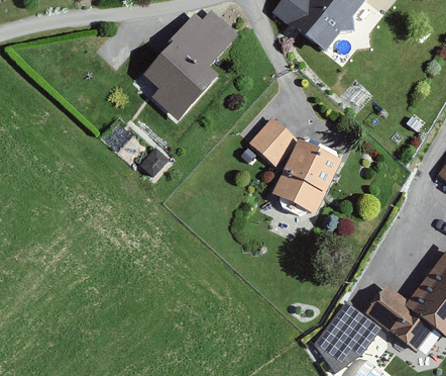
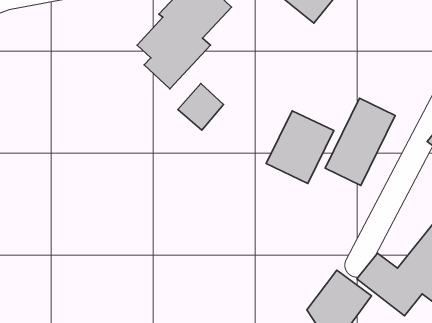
building: [250,118,297,166] -> [178,83,224,130]
building: none -> [325,98,395,186]

